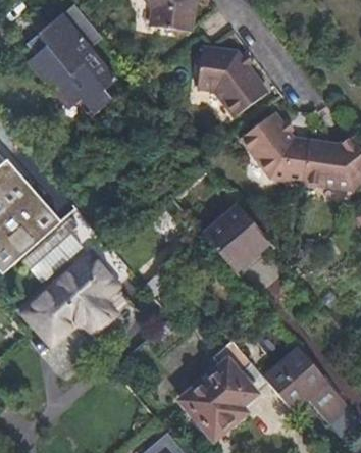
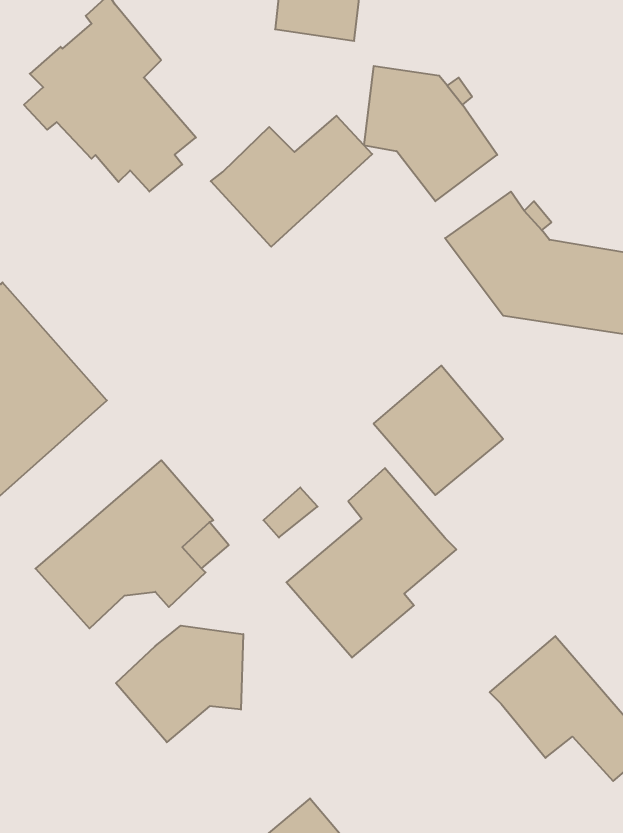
building: none -> [211,116,372,247]
building: [22,218,83,284] -> none
building: [179,340,269,440] -> [286,468,456,658]
building: none -> [116,626,243,742]

